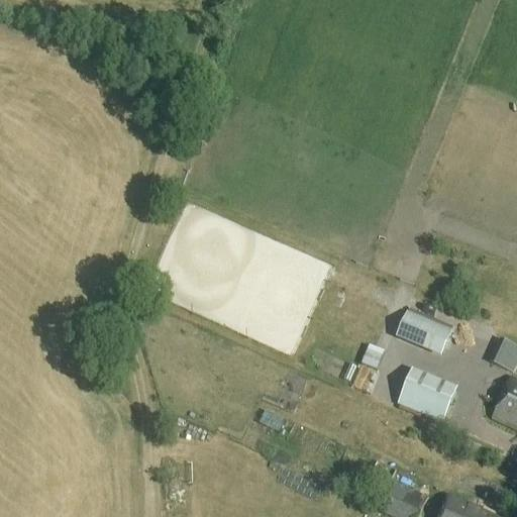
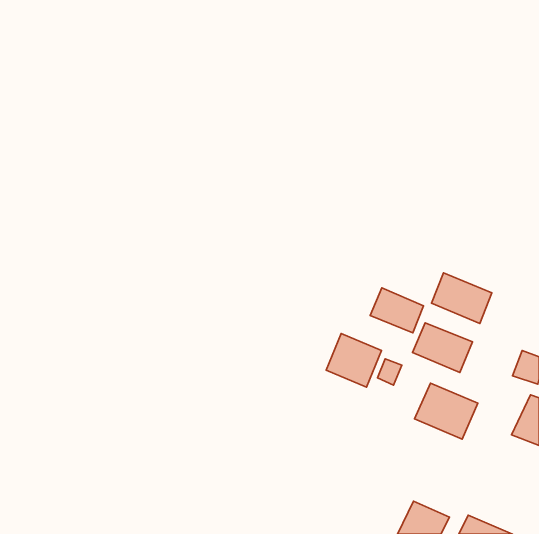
building: none -> [432,273,492,323]
building: none -> [370,288,424,333]
building: none -> [326,334,381,387]

